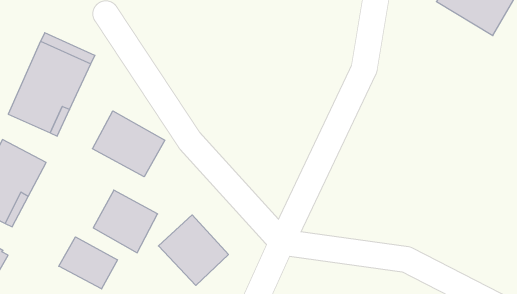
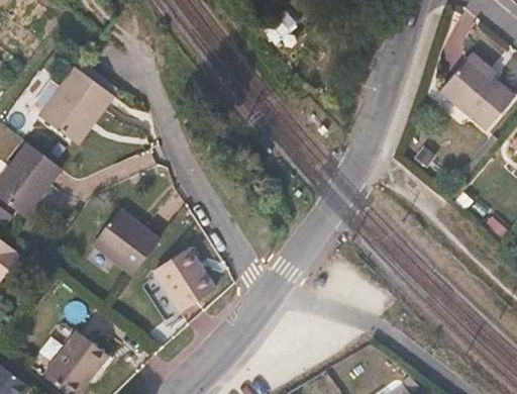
building: [92,111,165,177] -> none
building: [59,237,117,289] -> none

